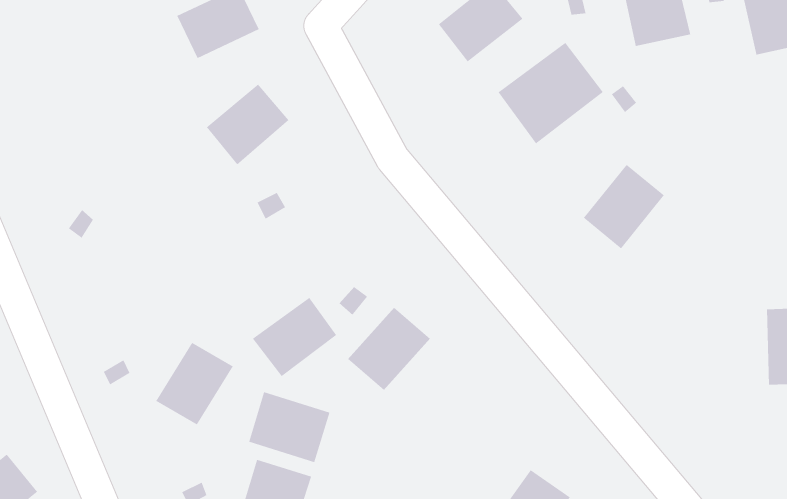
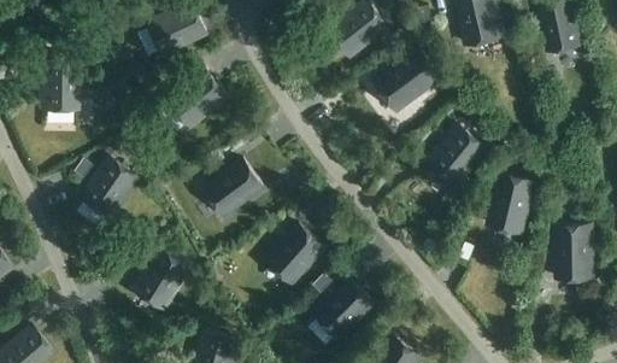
building: none -> [43,63,77,111]
building: none -> [82,158,137,217]
building: none -> [488,175,534,234]
building: [252,297,337,377] -> [205,162,264,217]
building: none -> [316,281,374,339]
building: [248,391,330,463] -> none

